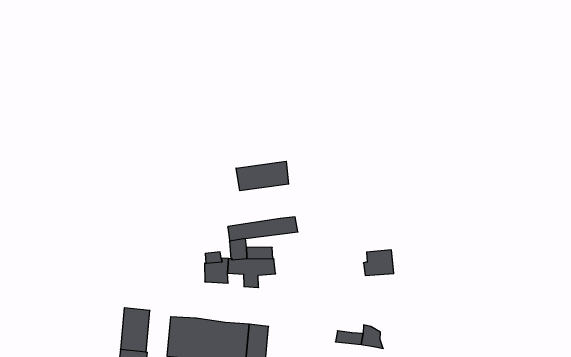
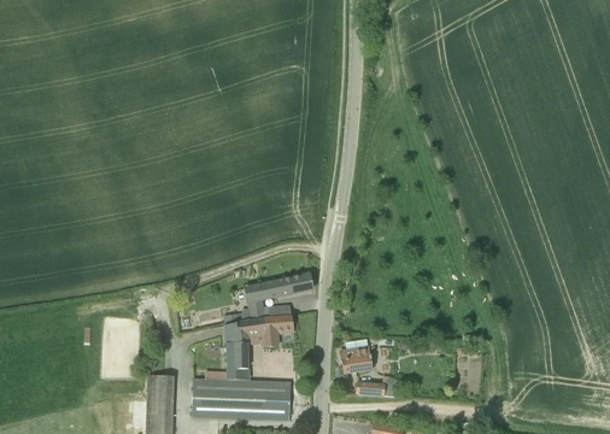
building: [236,161,289,191] -> none
building: [363,250,394,275] -> [341,346,371,373]
building: none -> [218,342,247,381]

